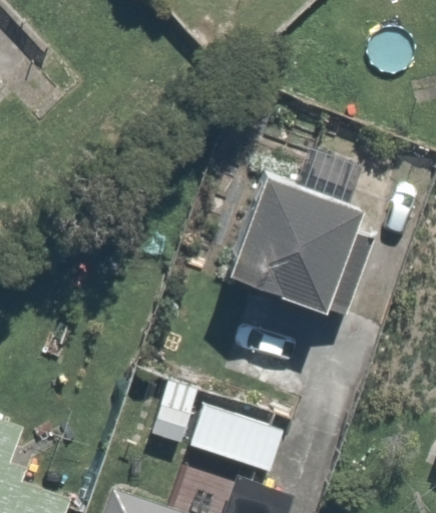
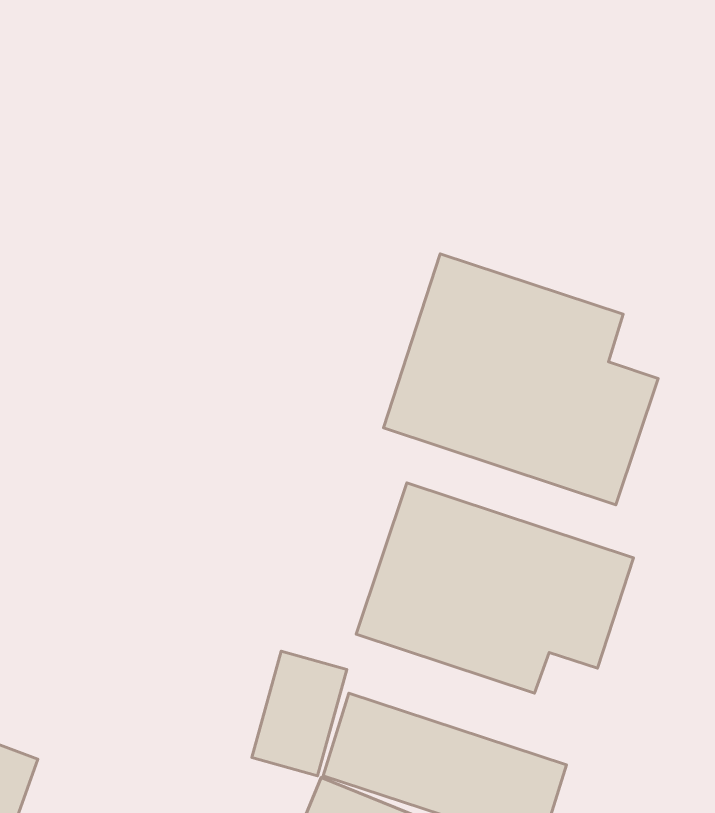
building: none -> [356,483,634,693]

